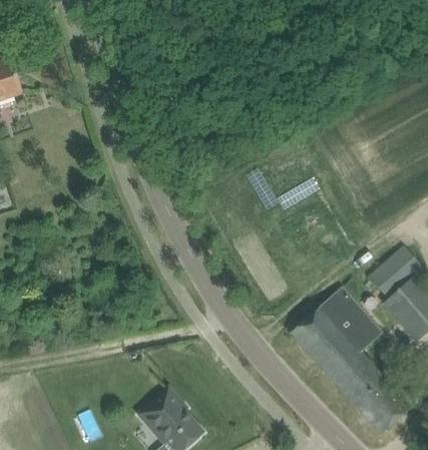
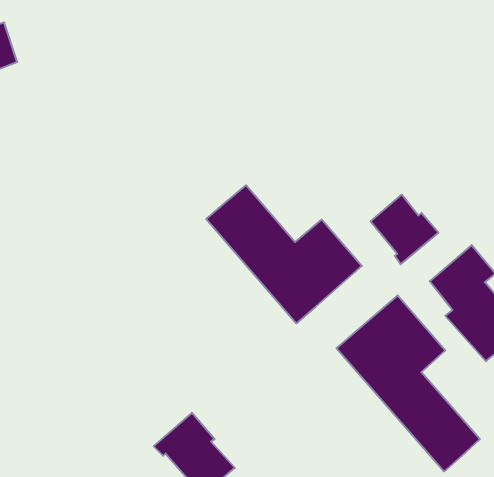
building: none -> [206,185,362,323]
building: none -> [371,195,438,264]

